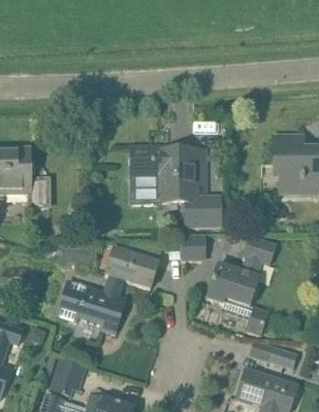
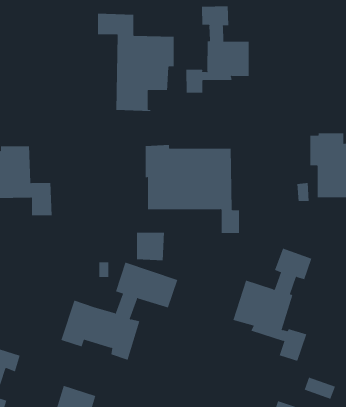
building: none -> [186,5,249,94]
building: none -> [98,13,174,112]
building: [180,234,204,259] -> [136,232,165,261]

